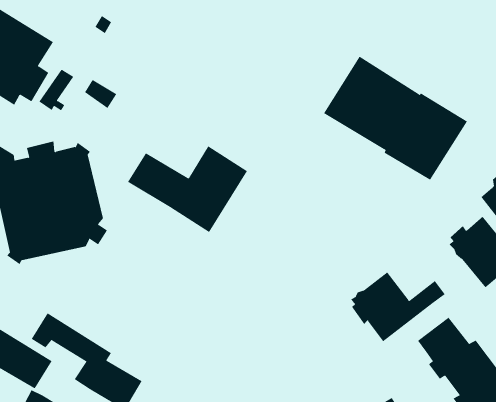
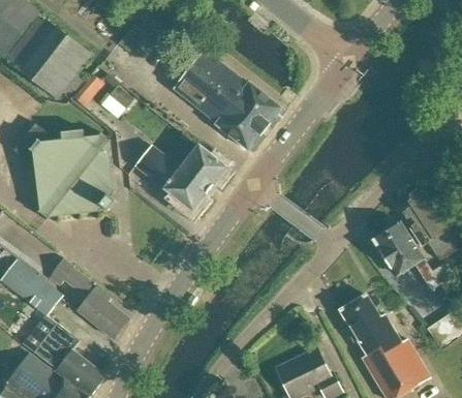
building: [323,56,468,181] -> [173,49,281,149]
building: [351,272,446,342] -> none

